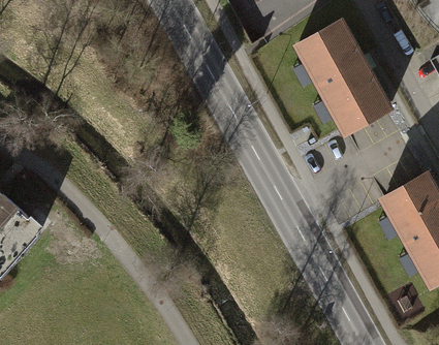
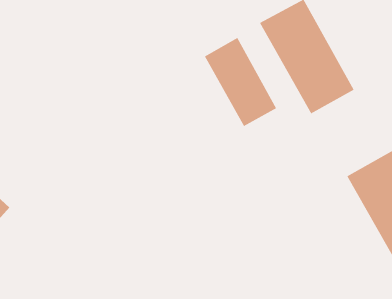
building: none -> [204,37,277,127]

